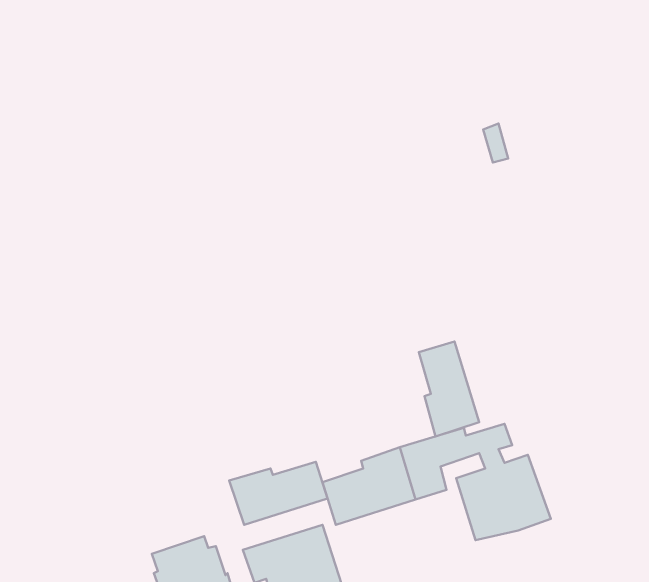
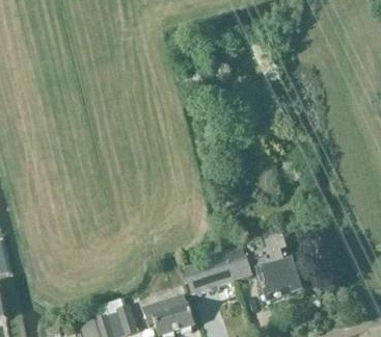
building: [419,341,479,436] -> none
building: [229,462,327,525] -> none

